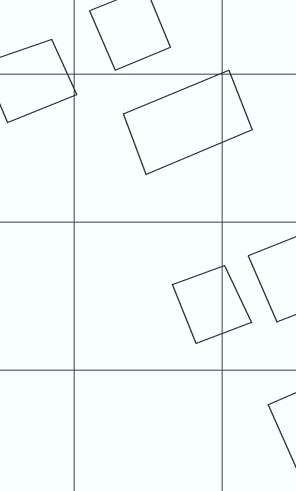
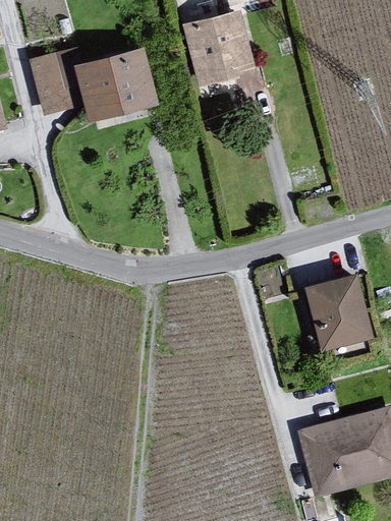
building: [123,70,252,175] -> none
building: [172,266,252,343] -> none

